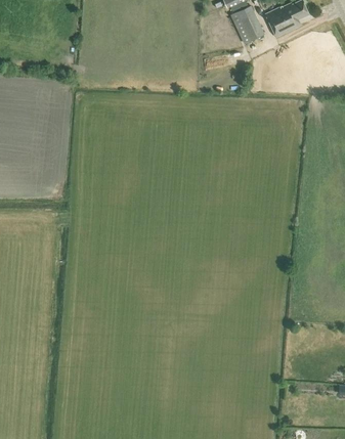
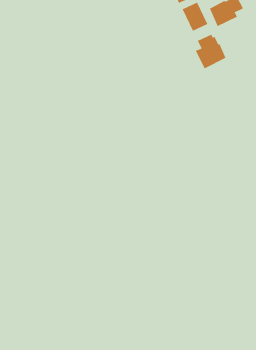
building: none -> [195,34,226,69]

